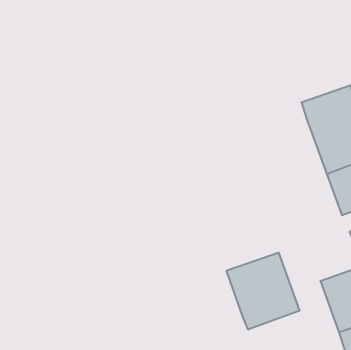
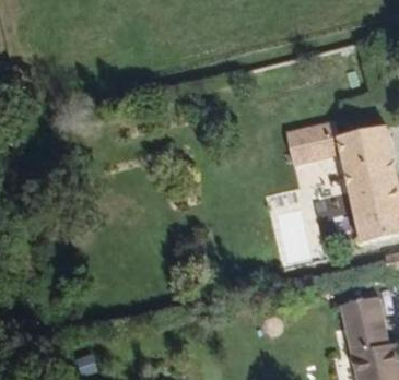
building: none -> [290,122,341,164]
building: [227,253,300,330] -> none

